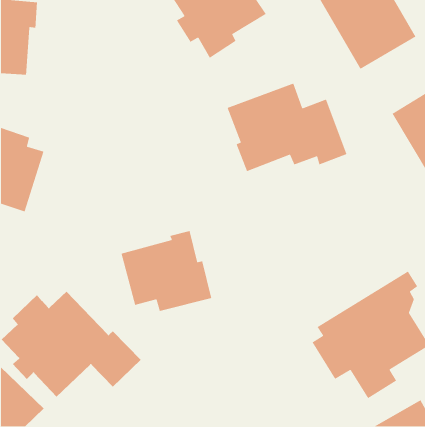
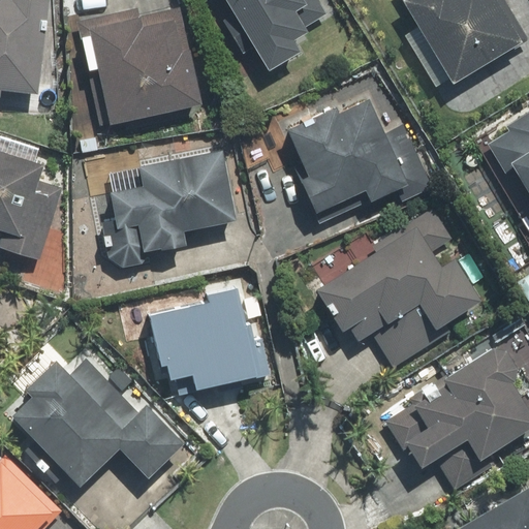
building: none -> [82,7,200,129]
building: none -> [105,151,236,270]
building: none -> [306,206,481,368]

